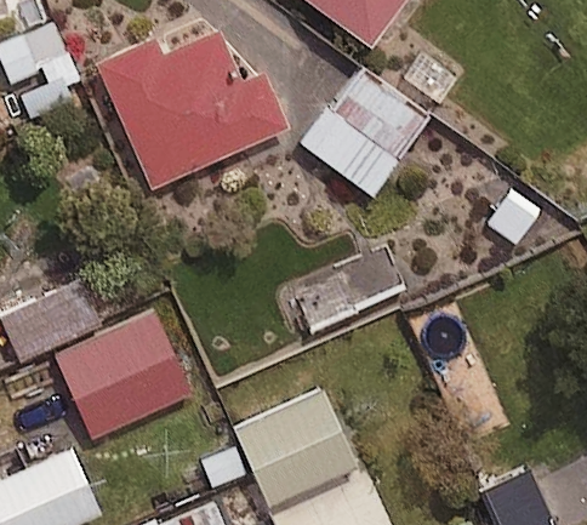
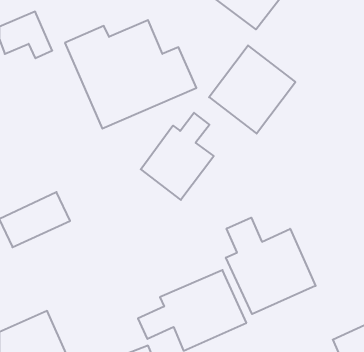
building: none -> [141,113,214,200]
building: [56,309,192,436] -> none
building: none -> [226,218,316,314]

